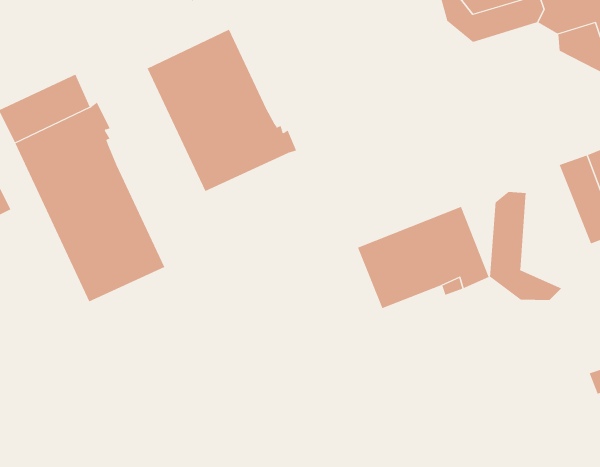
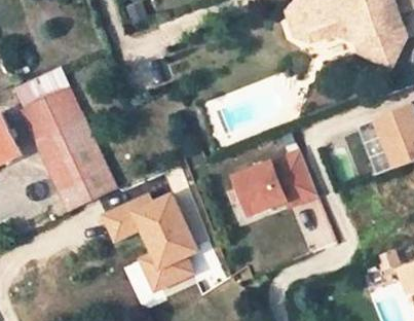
building: [147,29,297,192] -> none
building: [489,191,562,301] -> none
building: none -> [105,197,198,291]

